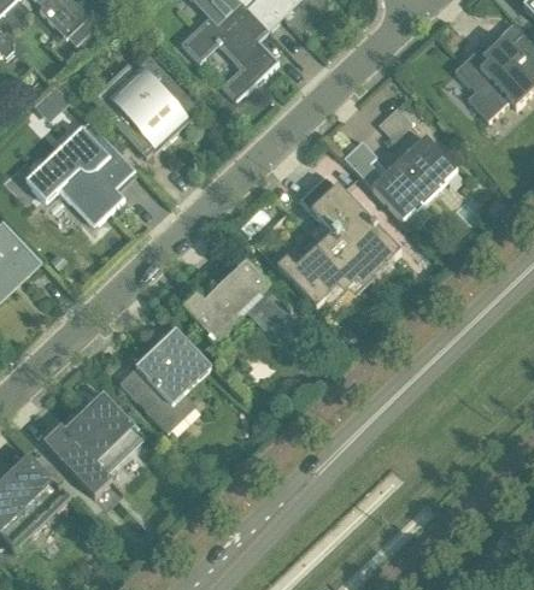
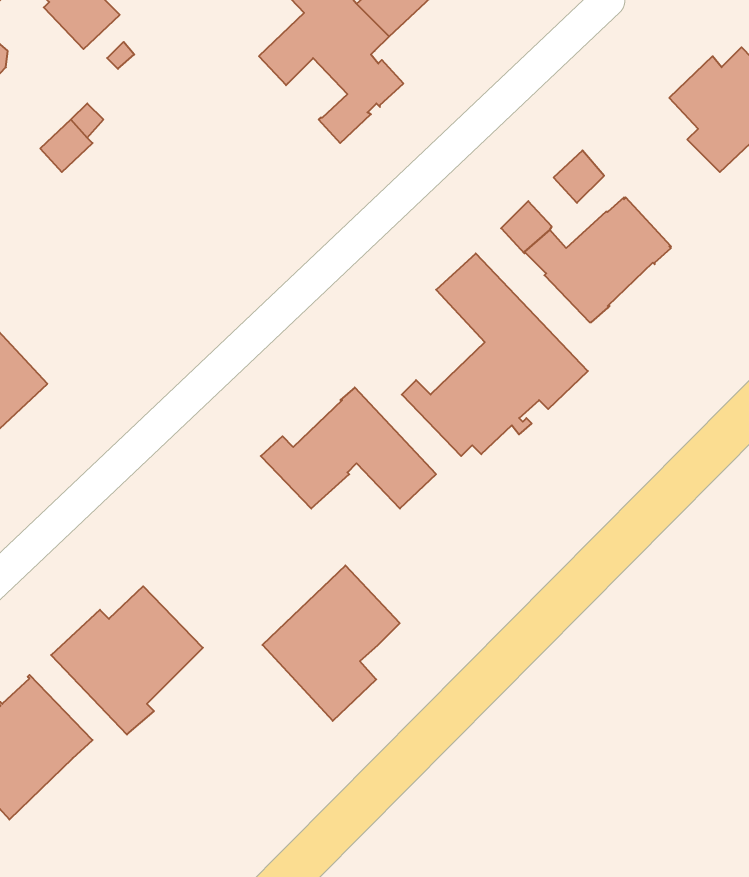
building: [89,55,198,155] -> none
building: [27,122,133,224] -> none
building: [119,329,211,432] -> [262,565,400,721]

